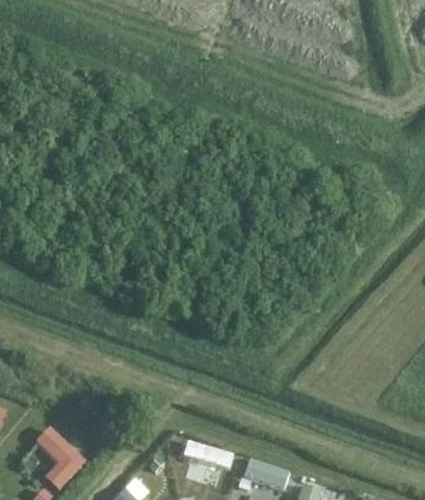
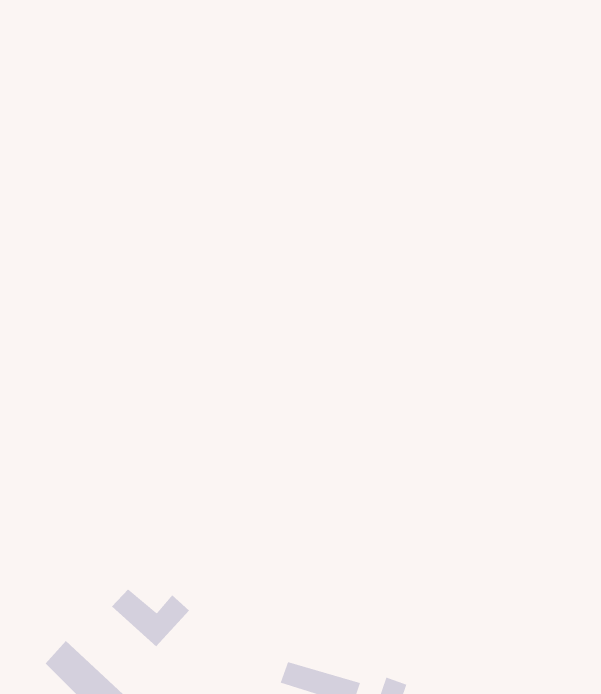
building: none -> [111,588,190,647]

